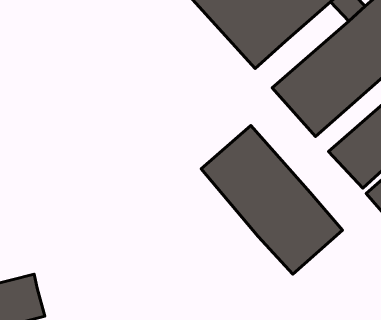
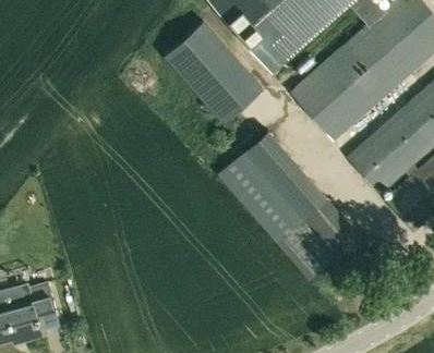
building: none -> [165,22,262,122]

